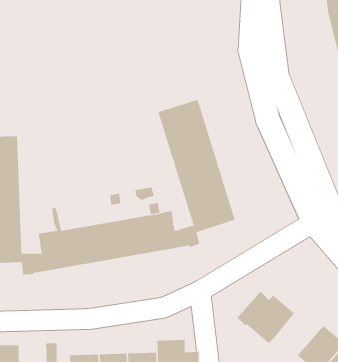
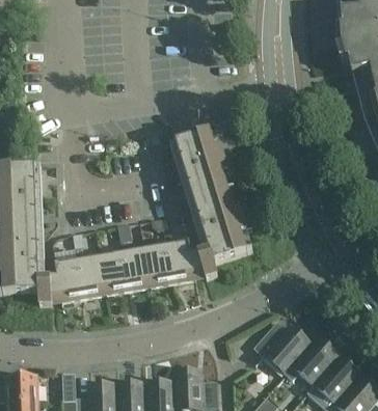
building: none -> [293,335,340,384]

